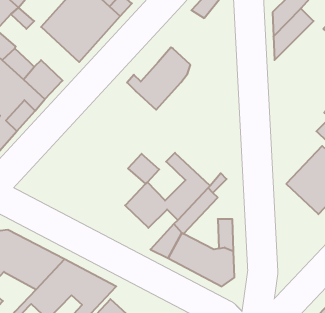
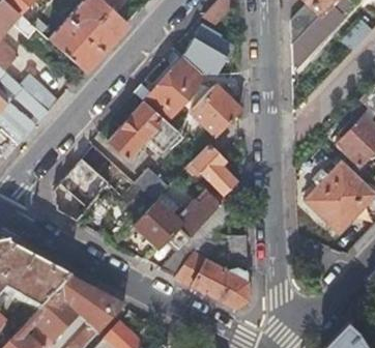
building: none -> [184,23,234,72]
building: none -> [191,83,242,134]
building: none -> [109,100,179,157]
building: none -> [192,142,236,190]
building: none -> [54,158,110,219]

